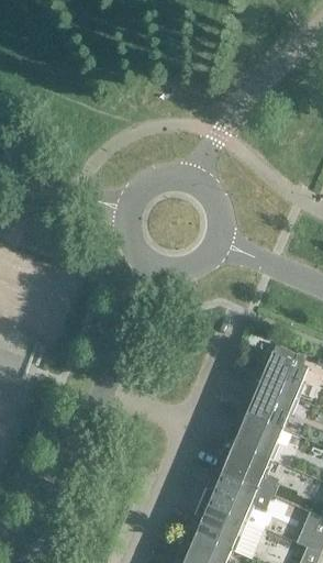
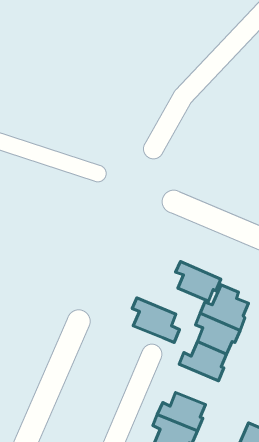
building: none -> [175,262,221,301]
building: [220,440,277,494] -> [132,298,180,342]

